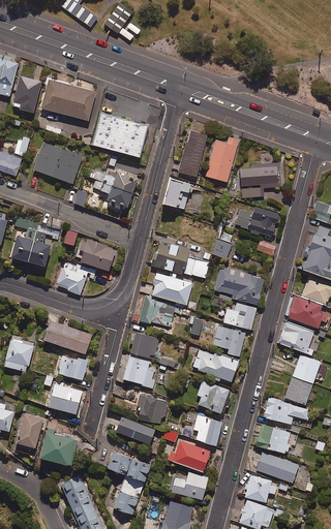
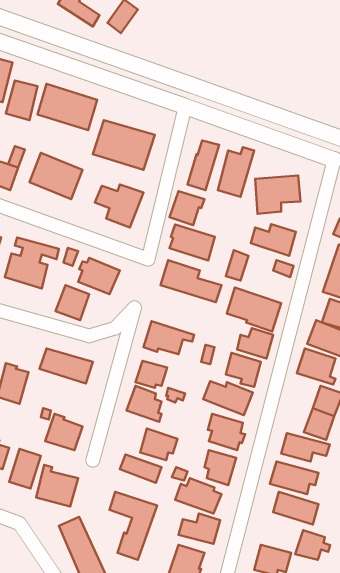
building: [151,273,192,306] -> [170,224,215,261]
building: [57,353,88,380] -> none
building: [244,475,276,502] -> [295,530,330,560]

